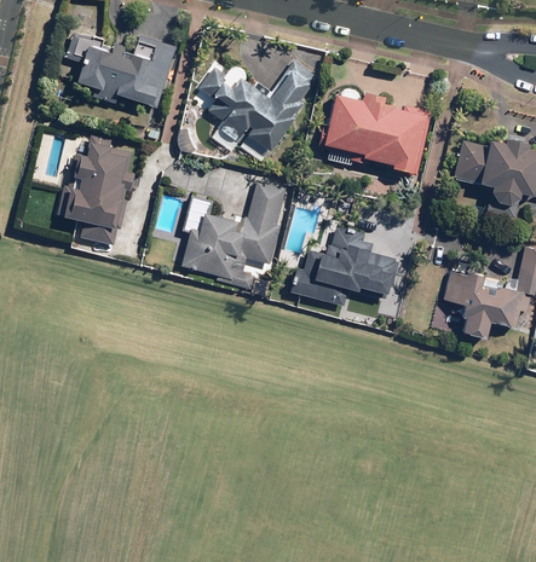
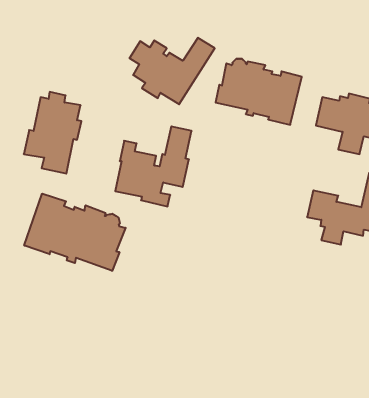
building: [68,35,178,110] -> none
building: [289,226,399,308] -> none
building: none -> [24,194,126,271]

